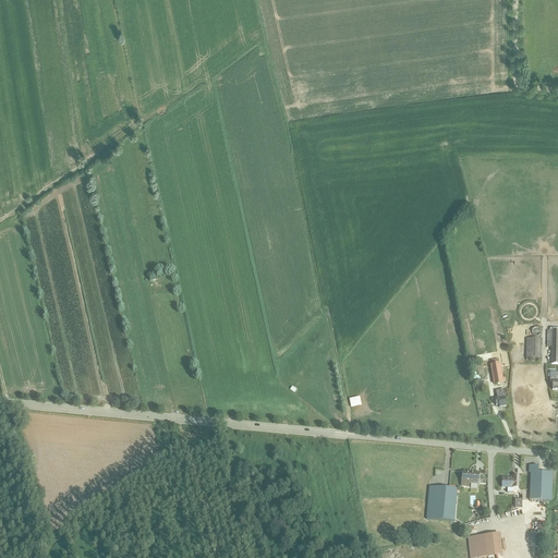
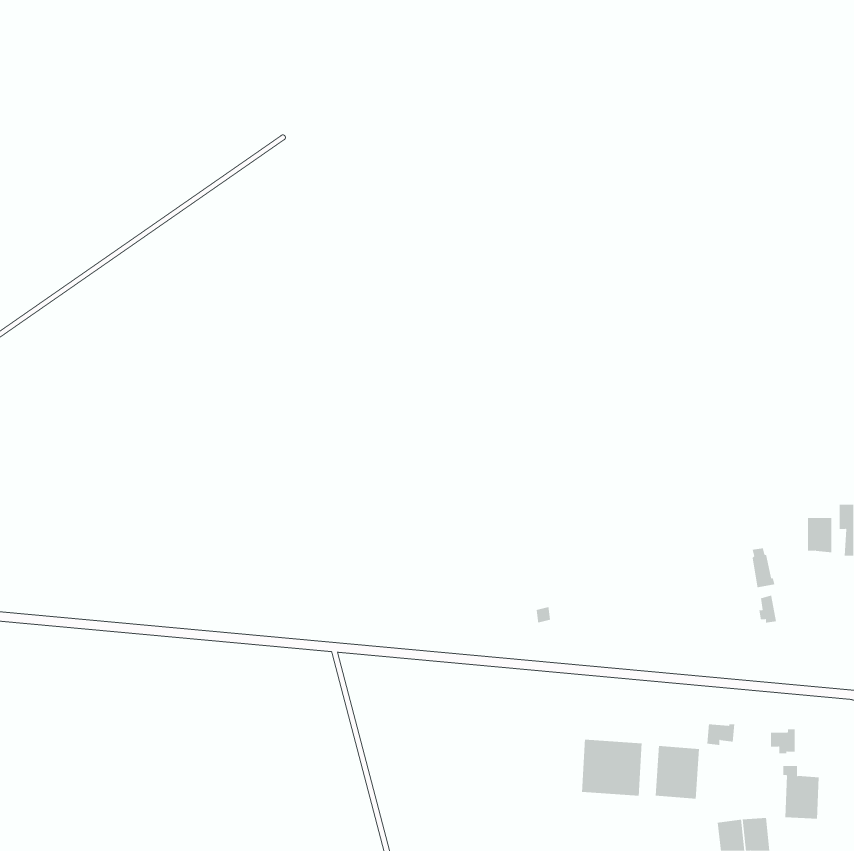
building: [527,464,551,499] -> [783,766,819,819]
building: none -> [582,739,642,796]

